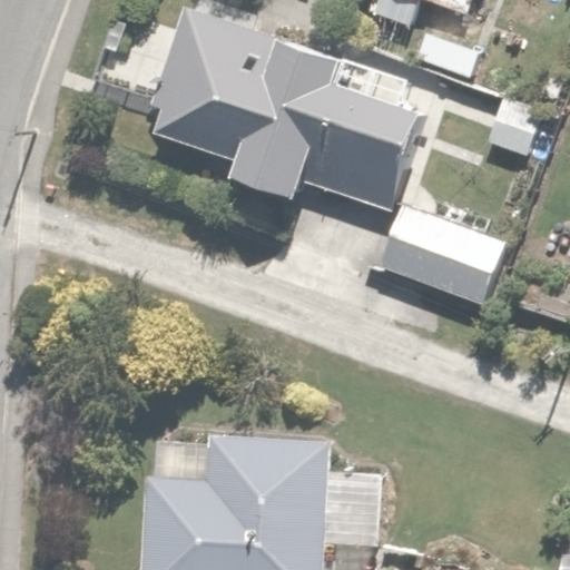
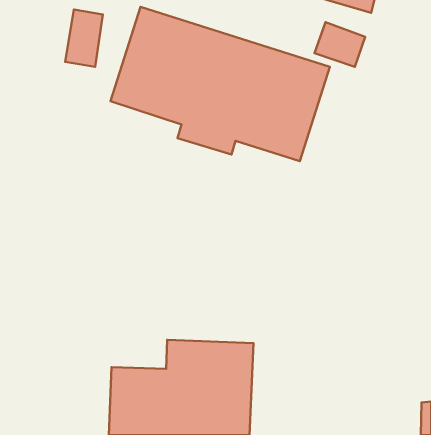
building: [376,197,508,307] -> none

